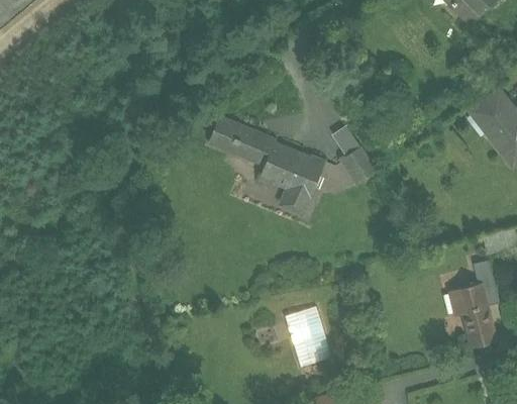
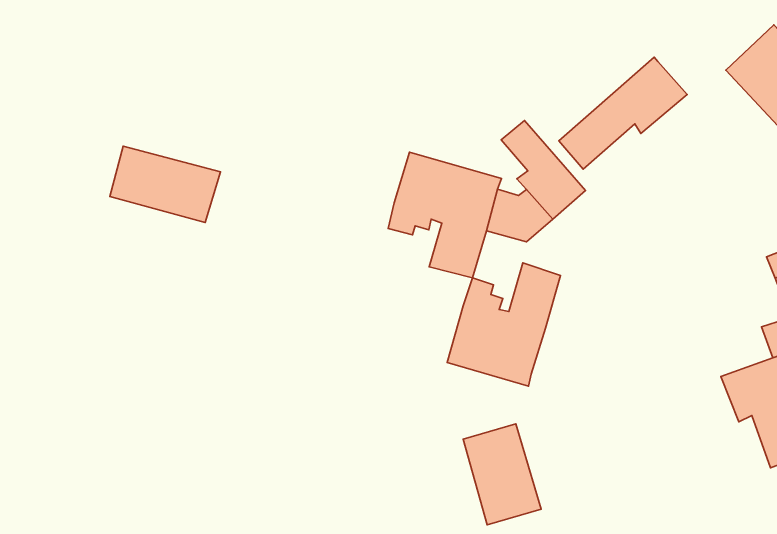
building: none -> [559,57,687,169]
building: [206,116,274,167] -> [110,146,221,222]
building: none -> [447,263,560,386]

